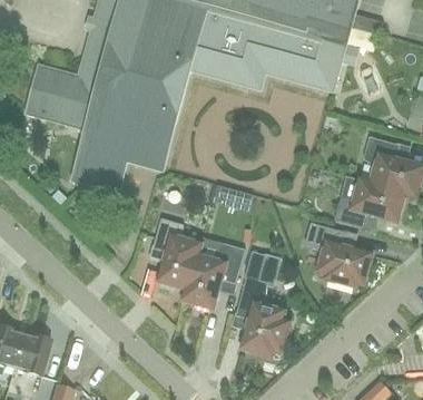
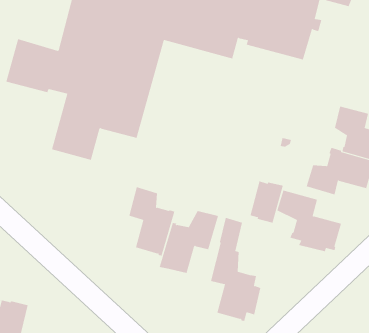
building: none -> [250,180,284,224]

